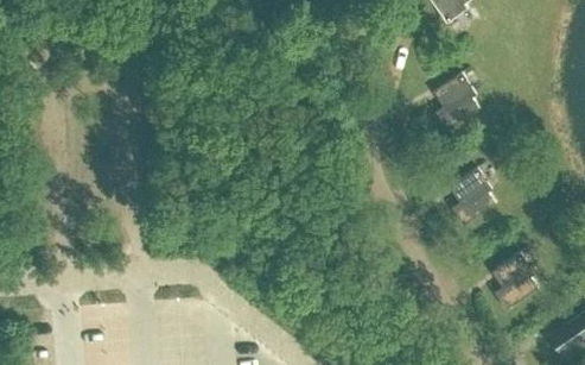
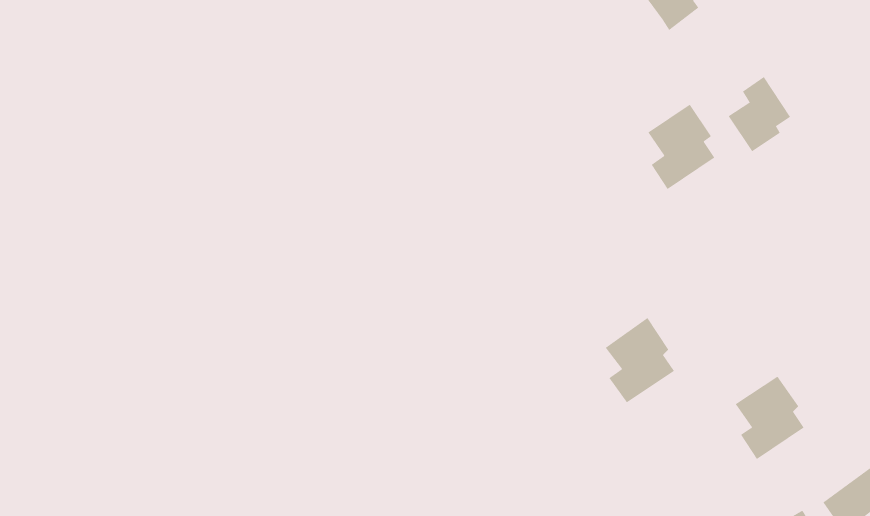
building: none -> [728,76,791,152]
building: [449,168,495,225] -> [605,317,675,403]

